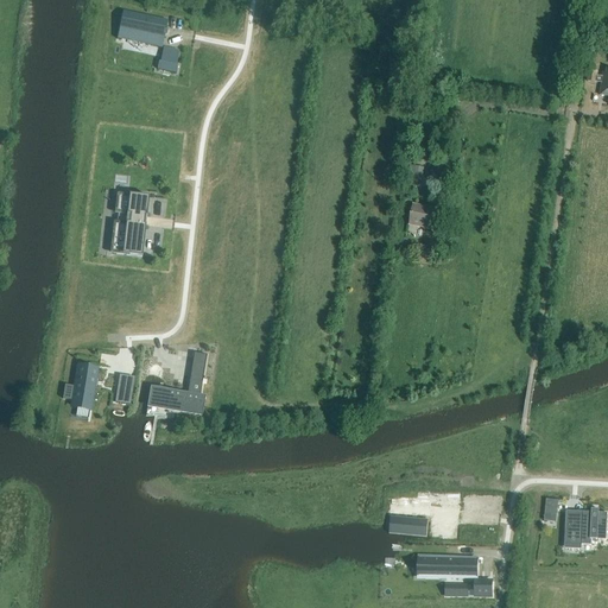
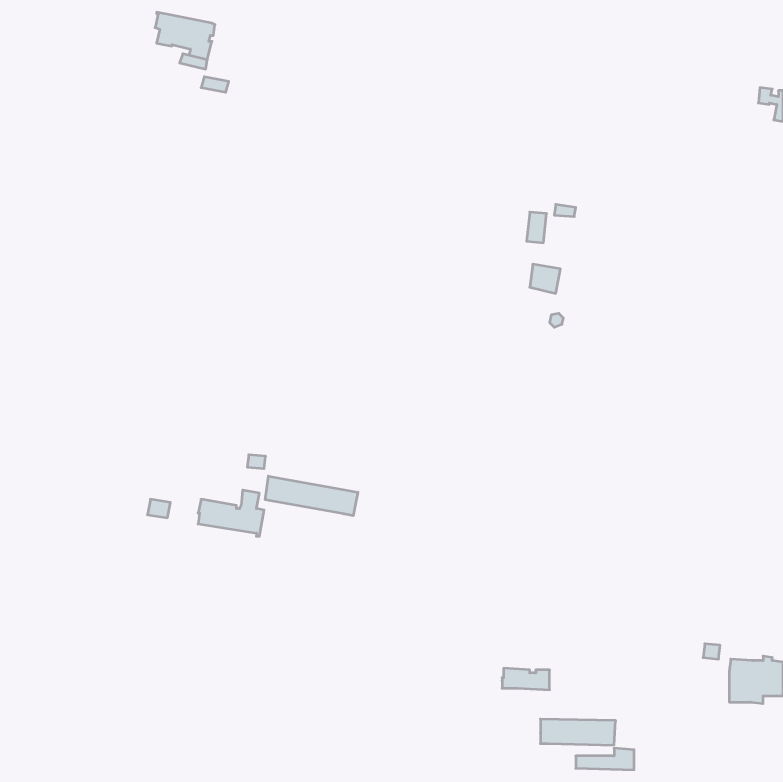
building: [112,191,147,255] -> none
building: [70,363,95,417] -> none
building: none -> [265,476,358,516]

